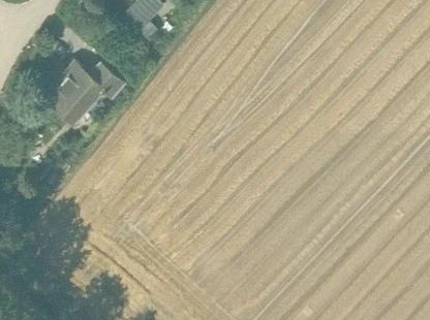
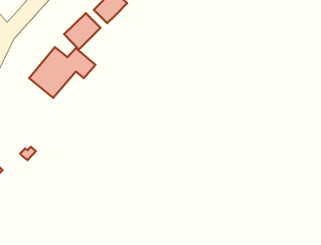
building: none -> [64,13,100,50]

